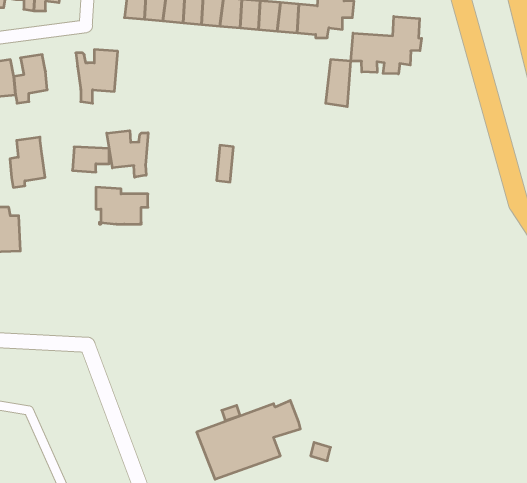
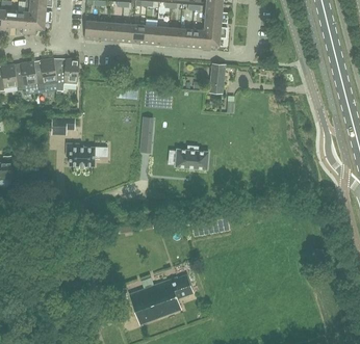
building: [351,16,422,74] -> none
building: [107,131,148,177] -> none
building: [10,137,45,187] -> [34,58,56,89]
building: none -> [175,145,207,169]

